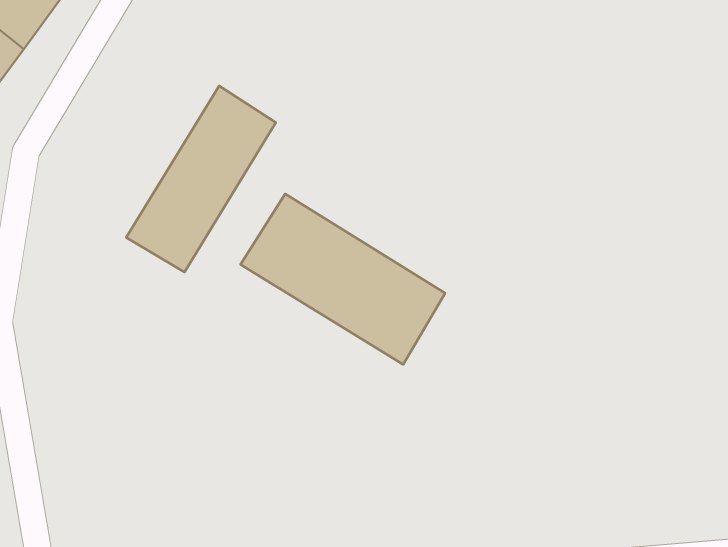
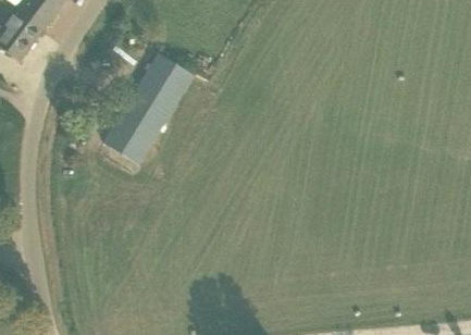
building: [240,194,445,364] -> none

